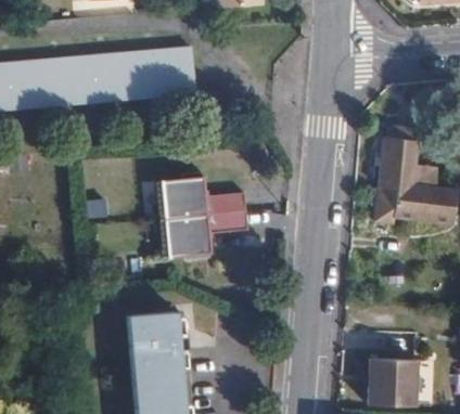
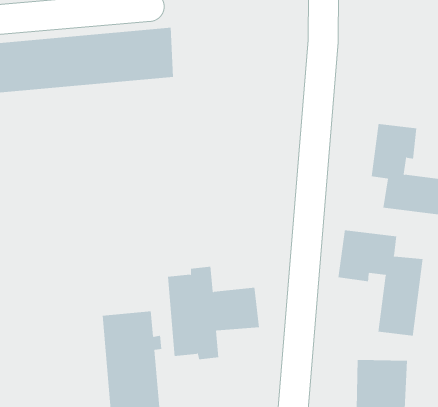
building: [162,171,248,259] -> [167,266,260,360]
building: none -> [338,230,423,336]

